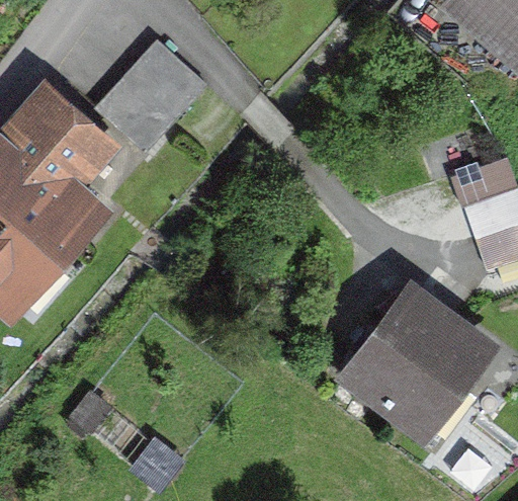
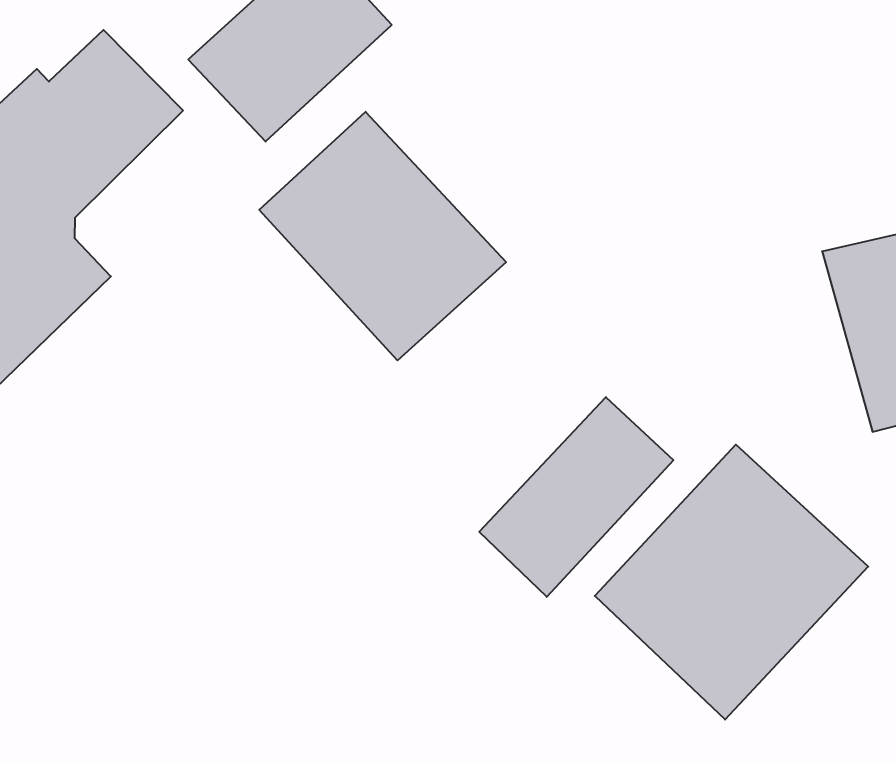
building: none -> [259,112,506,360]
building: none -> [479,397,673,597]

